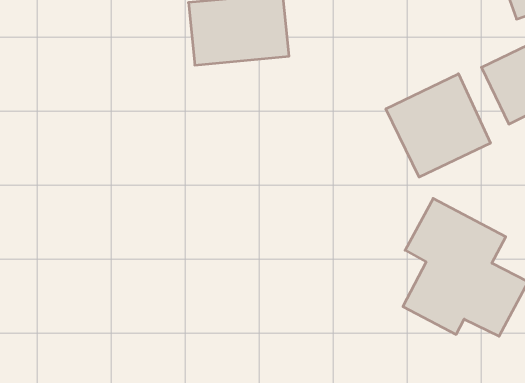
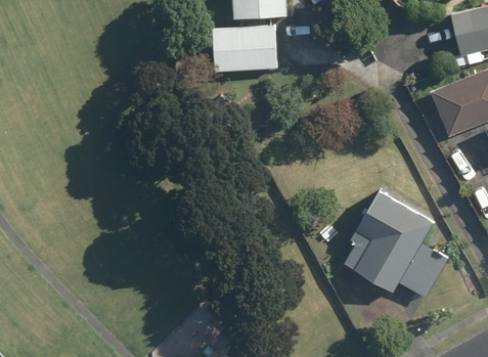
building: [386,74,490,177] -> none

